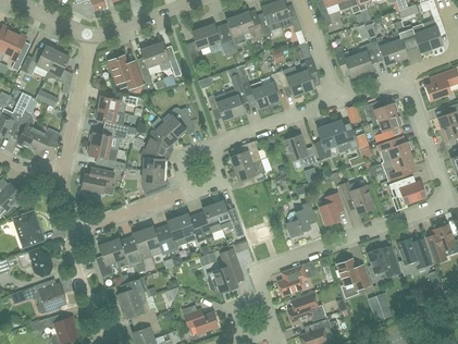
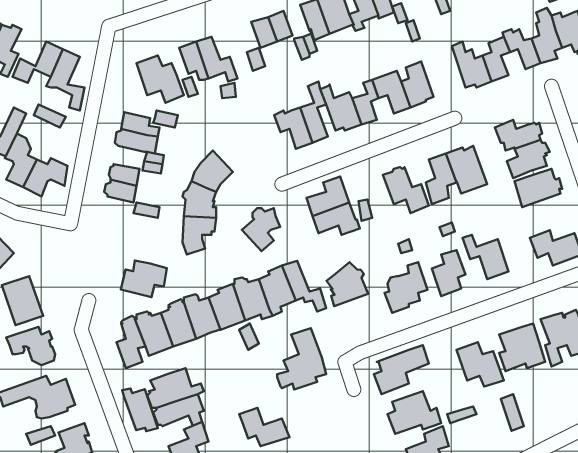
building: [163,107,190,137] -> [242,208,280,251]
building: [382,152,416,181] -> none
building: [81,167,113,193] -> [121,260,167,297]
building: none -> [327,262,368,306]
building: none -> [122,388,158,431]

